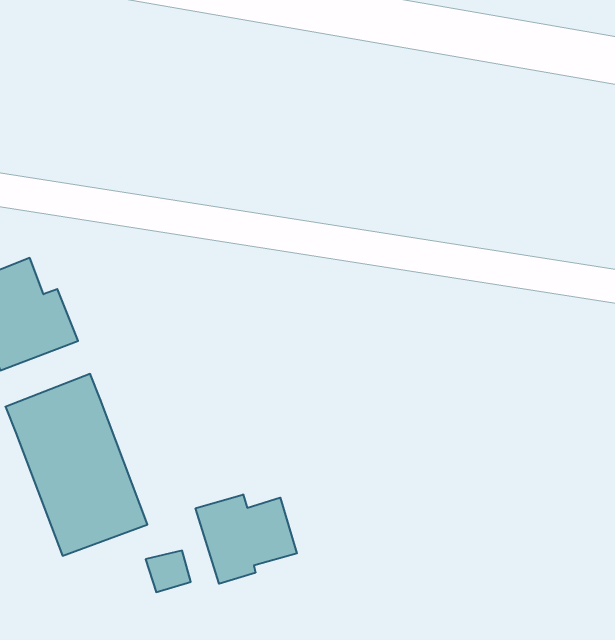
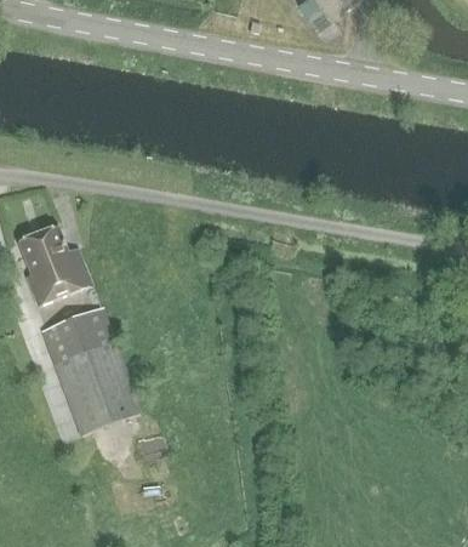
building: [196,494,297,584] -> none

